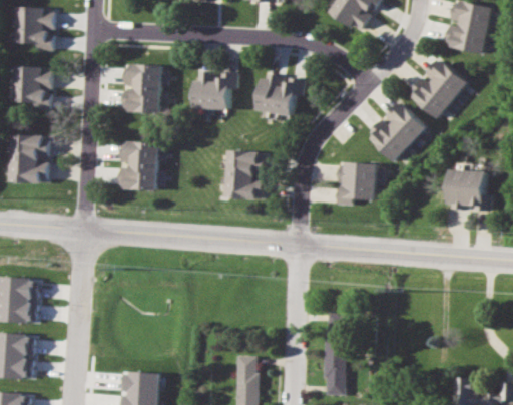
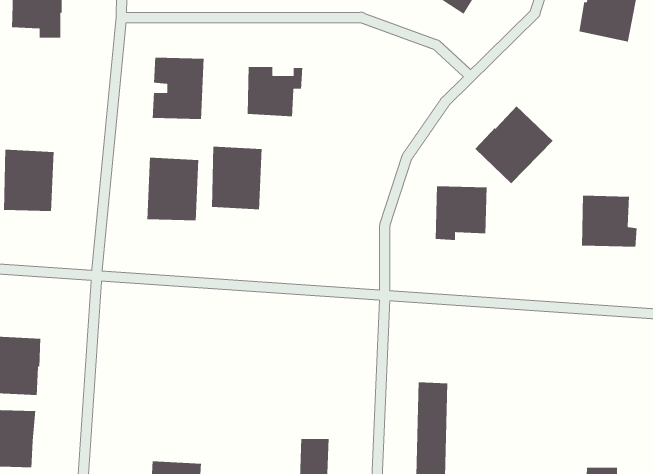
building: [410,58,469,119] -> none
building: [13,66,52,110] -> none
building: [256,75,305,116] -> none
building: [224,149,264,198] -> [211,146,262,210]

